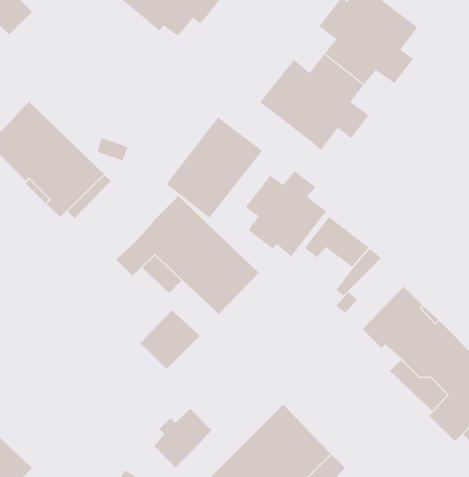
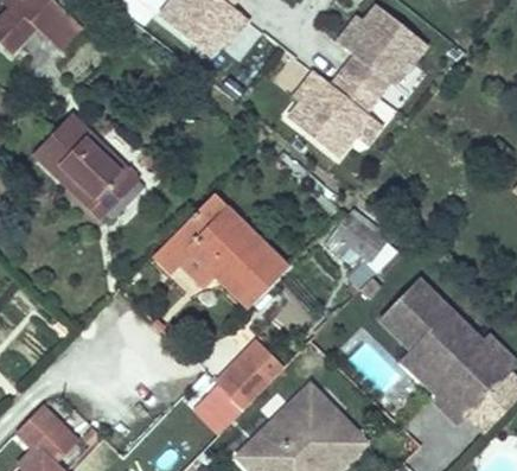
building: [166,116,263,218] -> none
building: [245,170,327,257] -> none
building: [139,310,201,370] -> [218,354,274,408]

